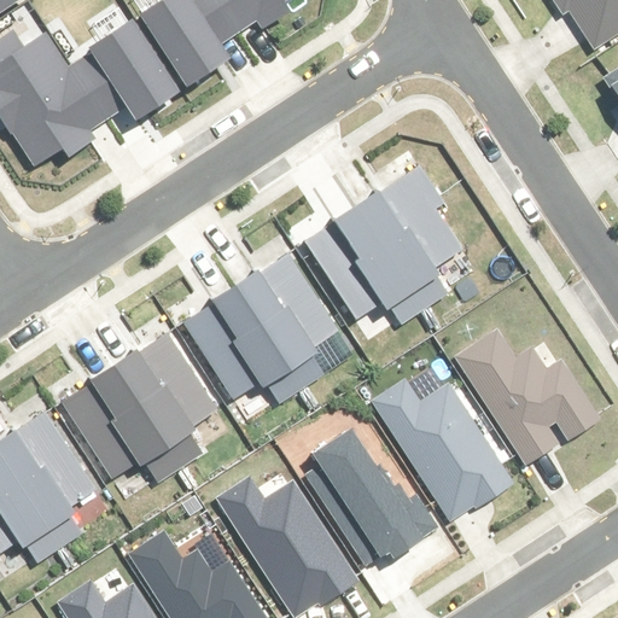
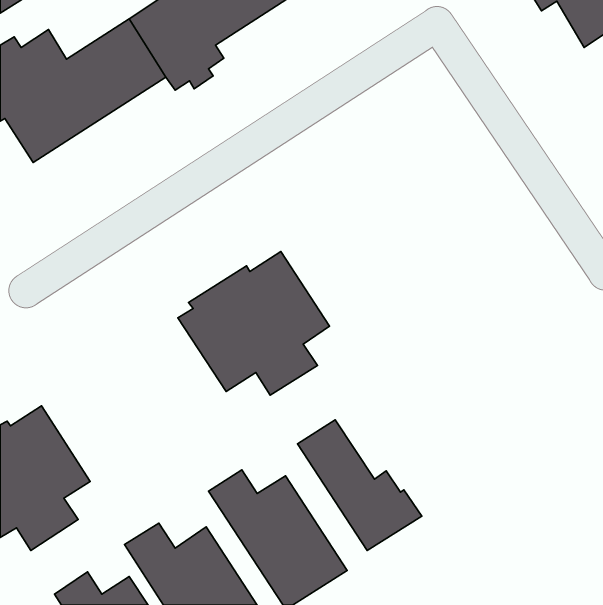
building: [307,170,464,330] -> none
building: [68,331,222,478] -> none
building: [455,331,597,467] -> none
building: [373,381,513,524] -> none

